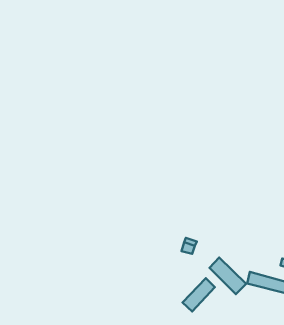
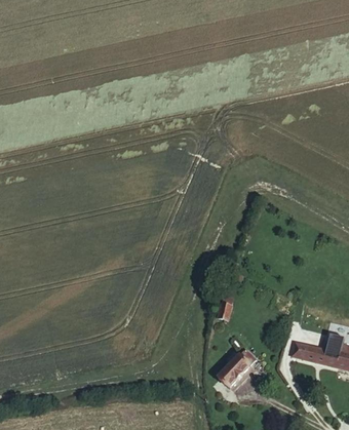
building: [210,258,246,294] -> none

